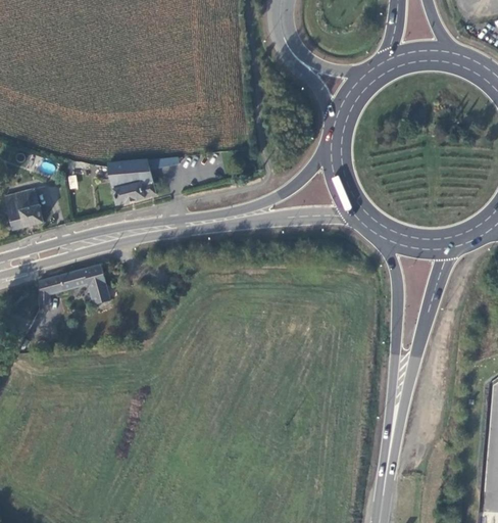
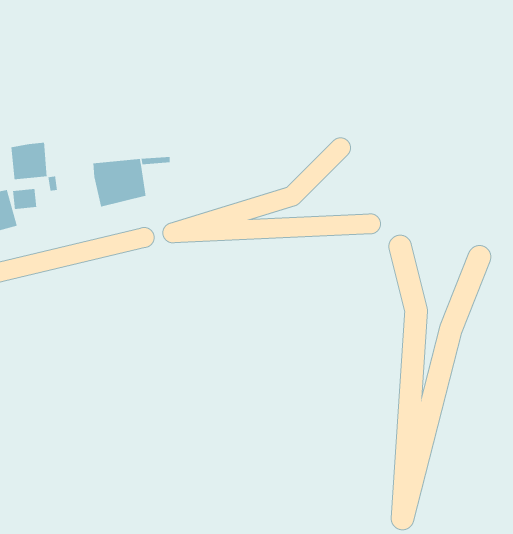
building: none -> [11,142,48,180]
building: [39,265,110,304] -> none

